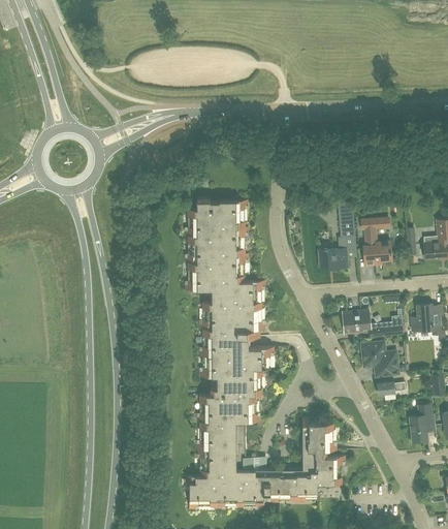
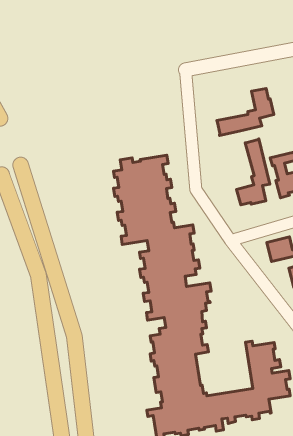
building: none -> [217,88,274,135]

